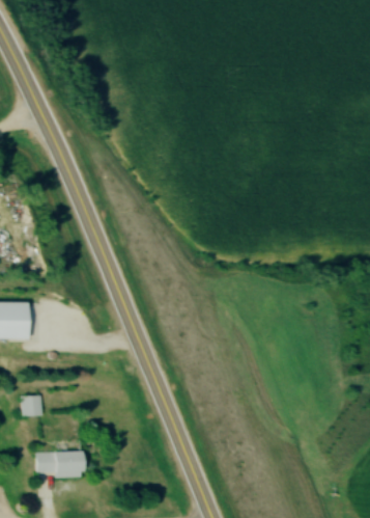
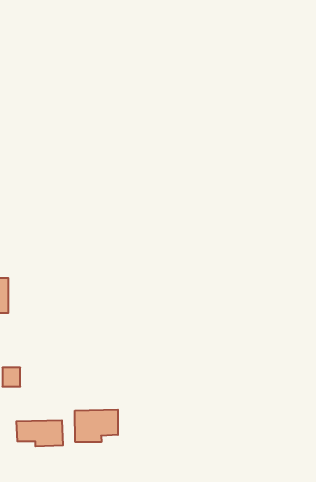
building: none -> [75,410,118,442]

